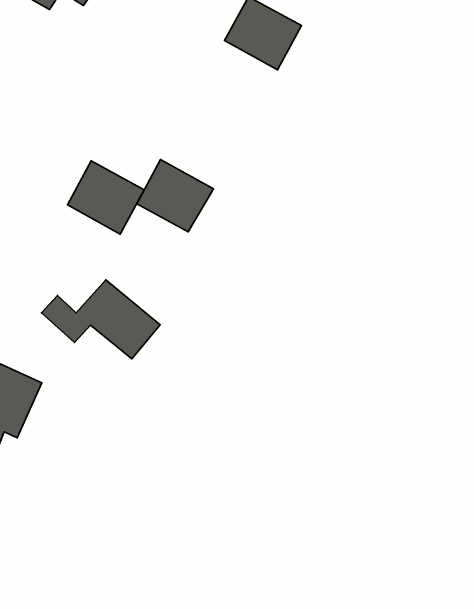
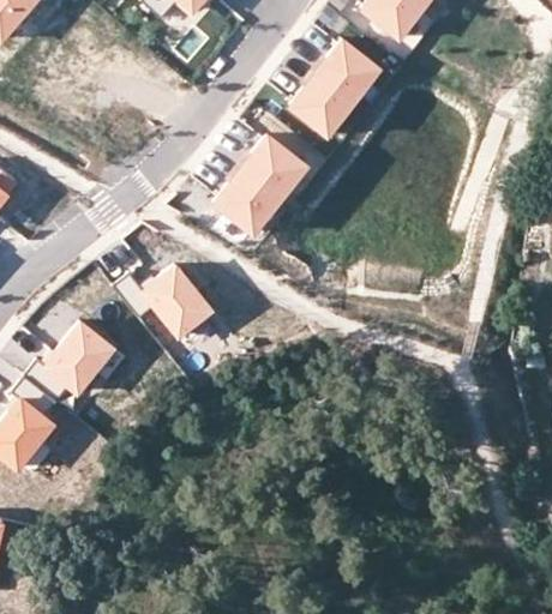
building: none -> [288,70,359,138]
building: [67,161,144,234] -> [241,131,312,200]

